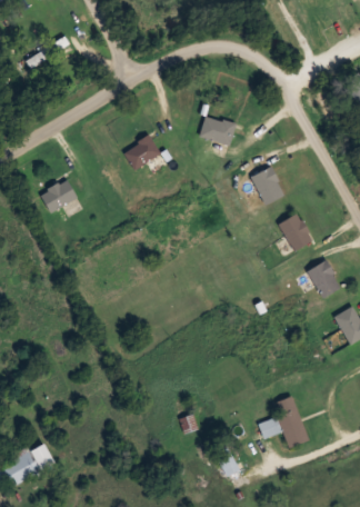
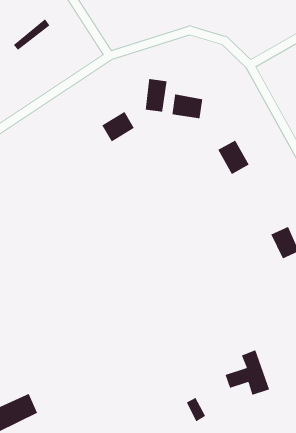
building: none -> [145,78,167,112]
building: [40,178,78,213] -> none
building: [278,213,313,252] -> none

